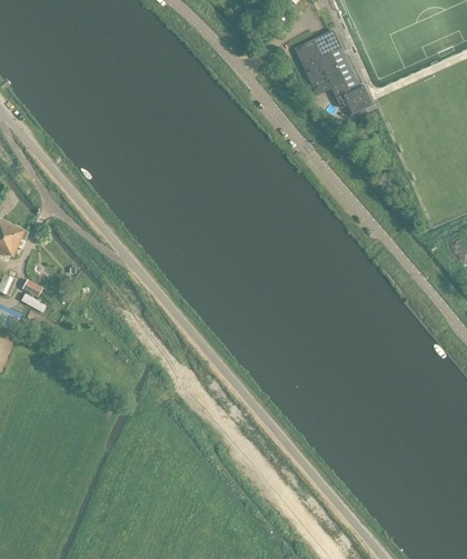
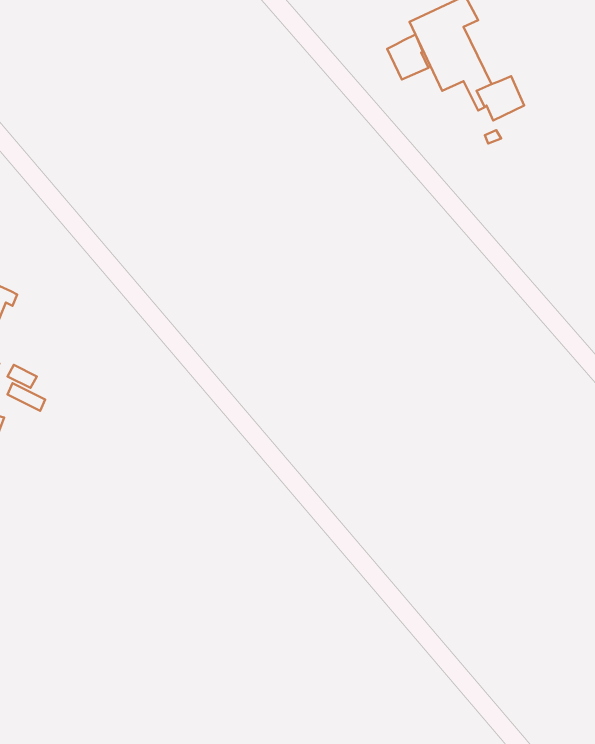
building: none -> [387,35,428,80]

